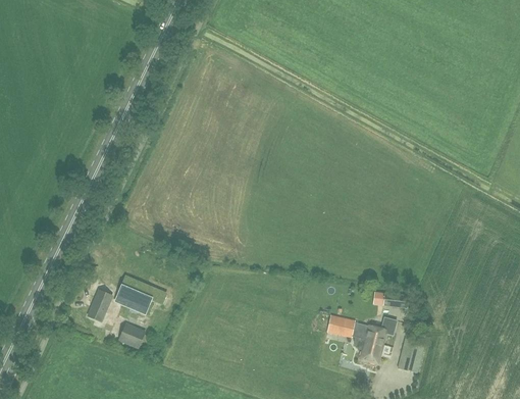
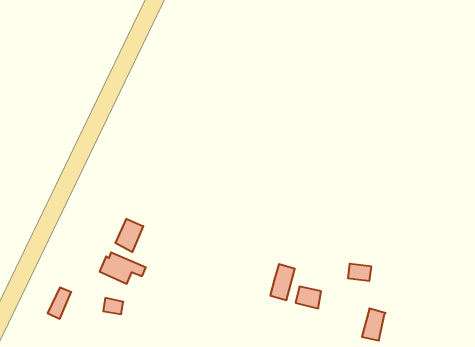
building: none -> [115,219,143,252]
building: [89,288,114,321] -> [48,287,71,319]
building: [357,326,383,364] -> [270,264,295,300]

